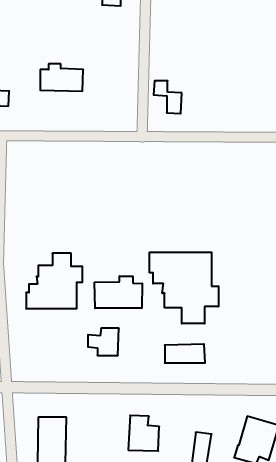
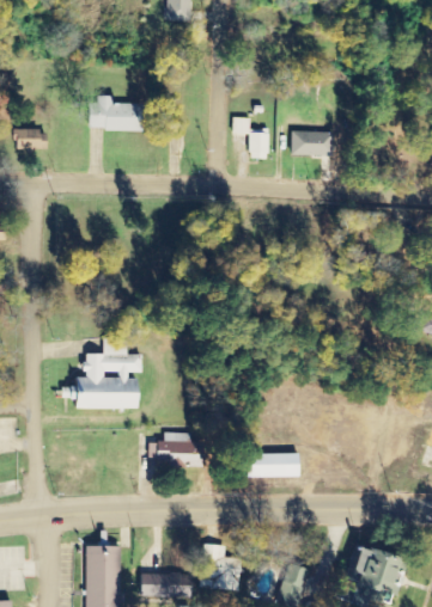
building: none -> [292,131,335,155]
building: [150,252,218,324] -> none
building: [95,276,142,308] -> none
building: none -> [142,550,194,596]

